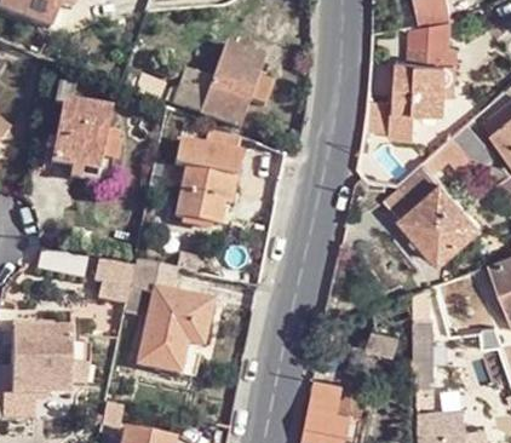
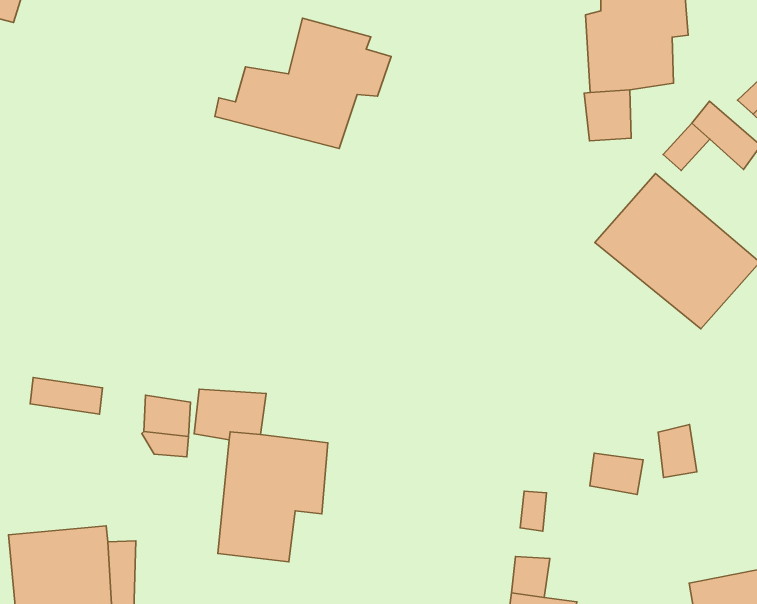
building: [50,103,110,169] -> none
building: [172,137,241,229] -> none

